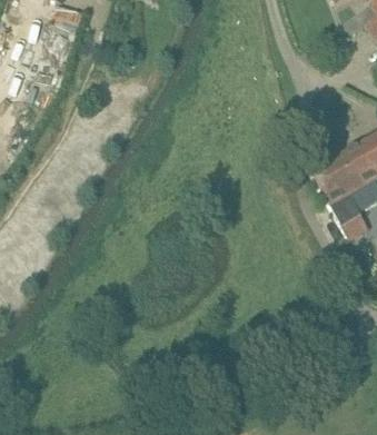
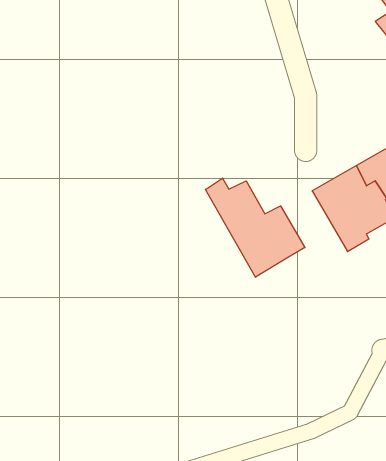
building: none -> [205,178,305,277]

